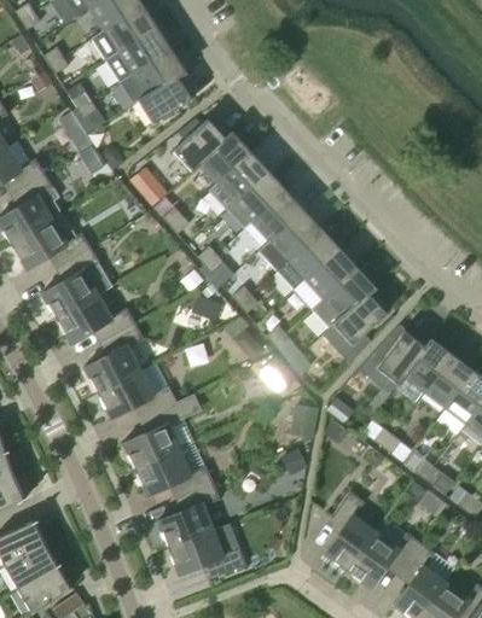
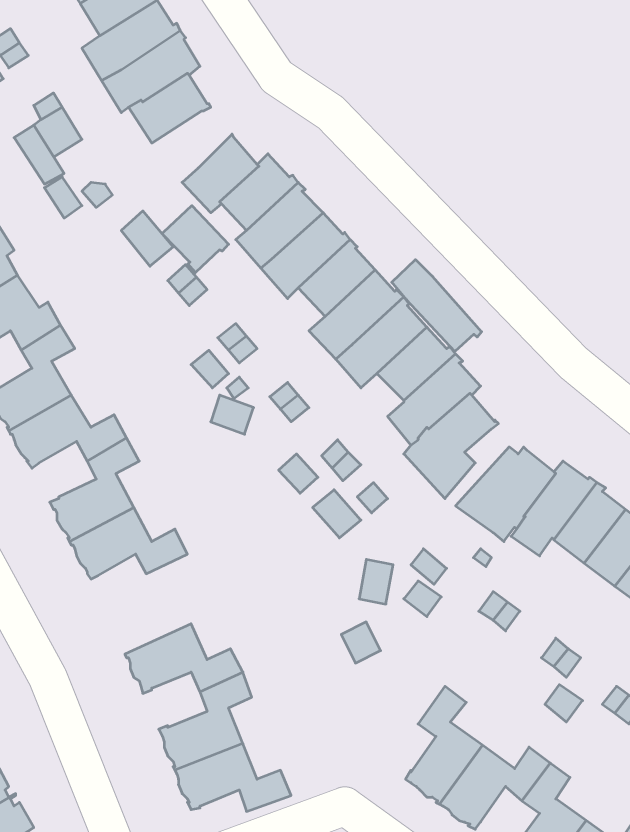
building: none -> [162,206,229,273]
building: none -> [392,260,482,352]
building: [122,402,184,470] -> none

